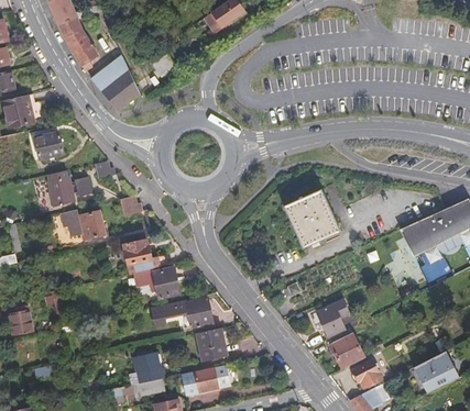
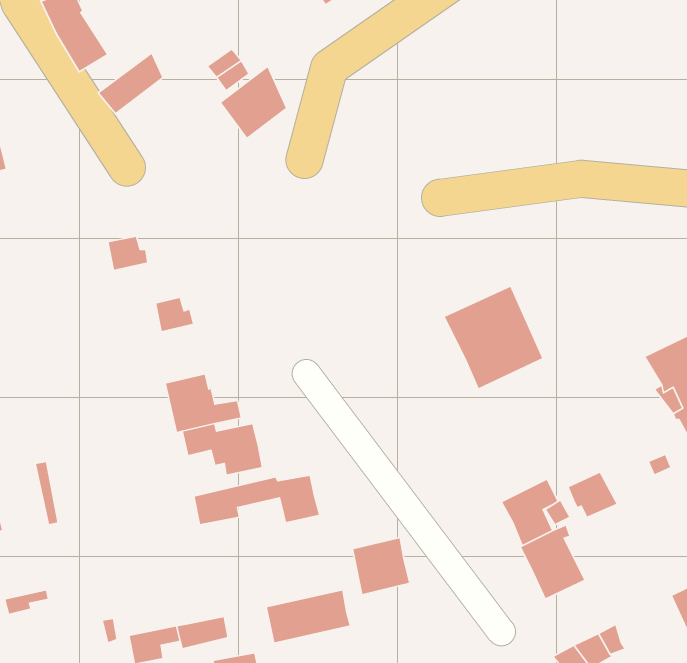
building: [97,69,135,111] -> [220,66,287,139]
building: [35,133,64,158] -> none
building: [47,170,90,206] -> none
building: [59,209,103,238] -> none
building: [195,327,228,360] -> [352,537,410,595]
building: [132,352,161,384] -> none
building: [356,360,384,387] -> [568,472,617,518]

